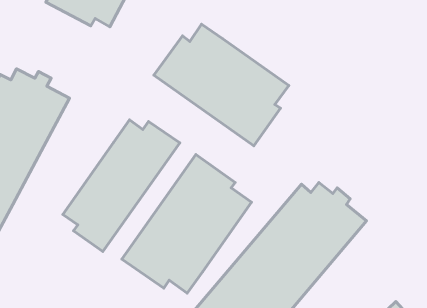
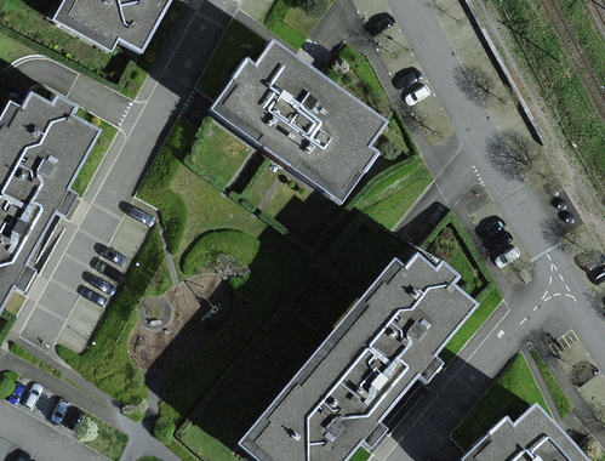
building: [63,120,180,251] -> none
building: [122,154,252,293] -> none

